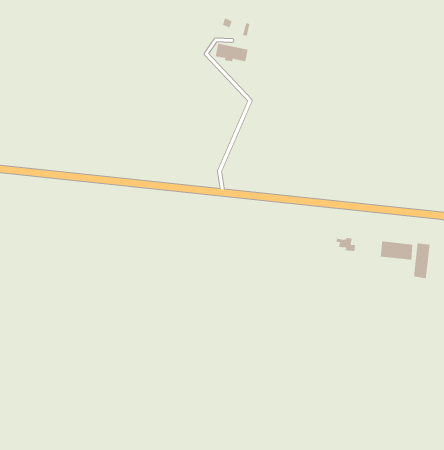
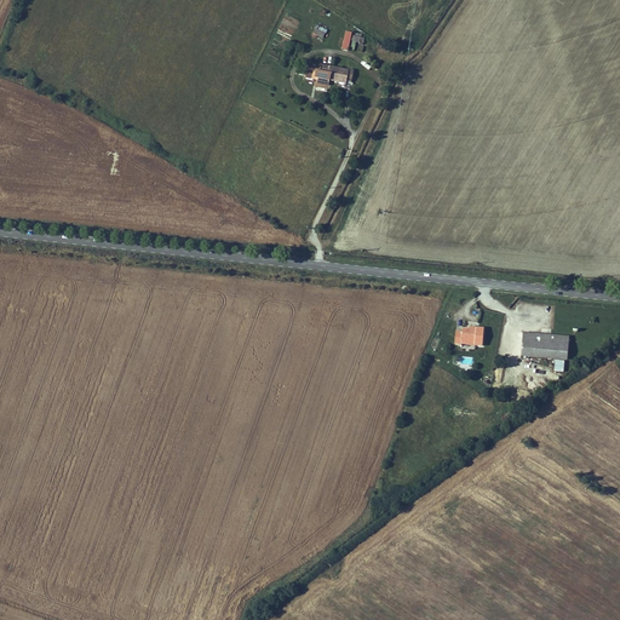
building: [413,243,430,279] -> none

